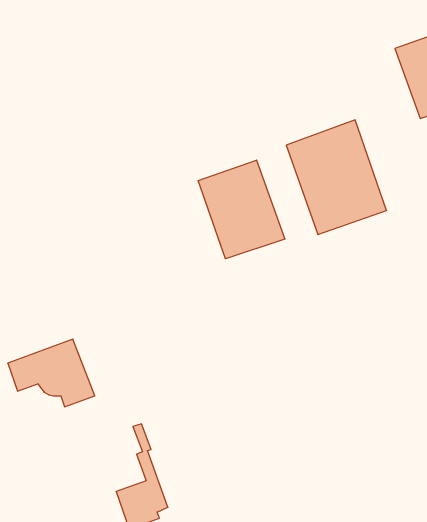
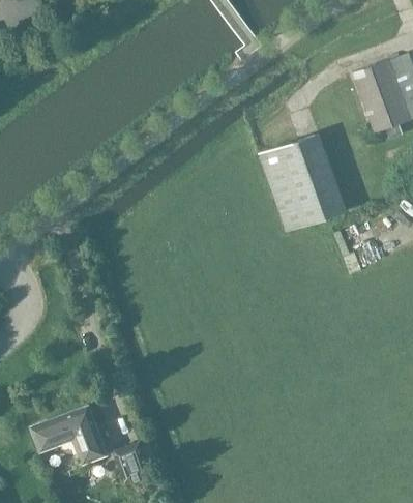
building: [198,160,285,259] -> none
building: [8,339,95,407] -> [31,407,106,465]

